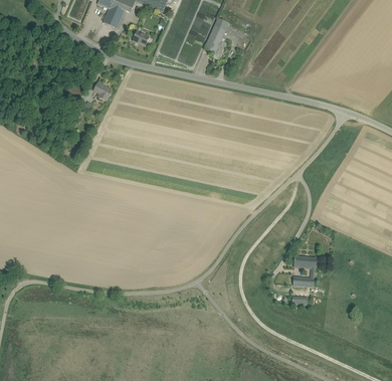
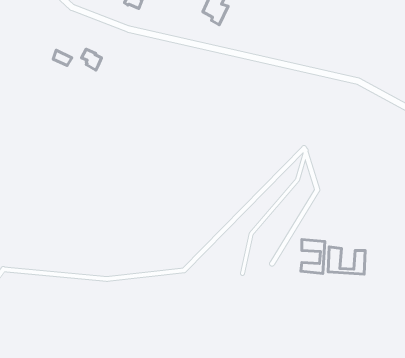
building: none -> [328,247,365,274]

